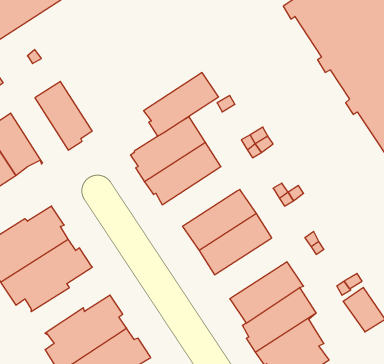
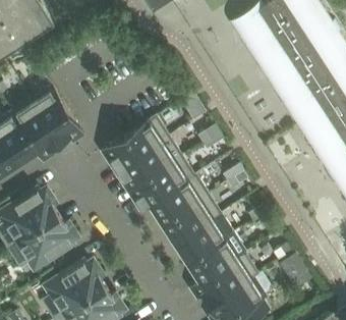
building: [144,73,219,136] -> [134,156,194,207]
building: none -> [13,101,59,153]
building: none -> [176,213,234,262]

